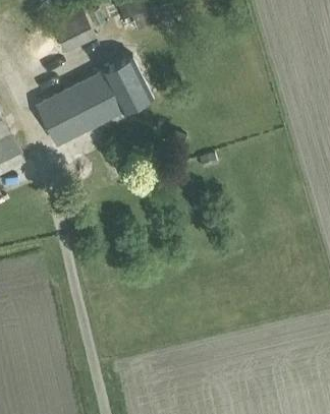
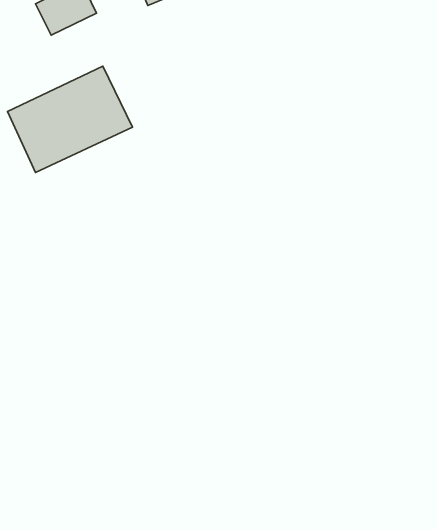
building: [99,58,152,114] -> none

